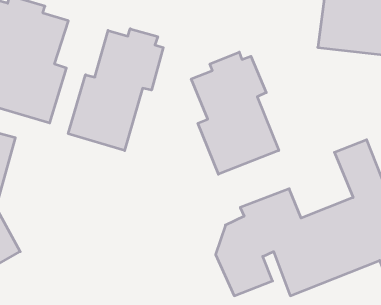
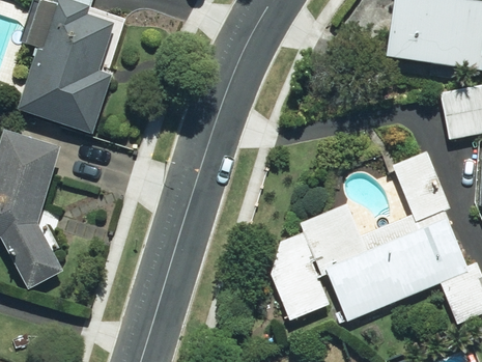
building: [68,29,163,151] -> none
building: [191,52,279,174] -> none

